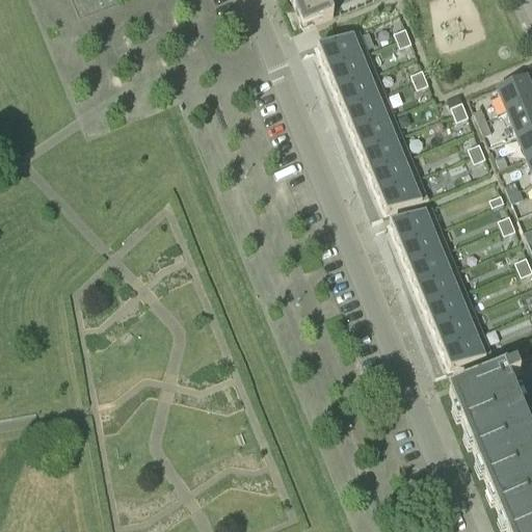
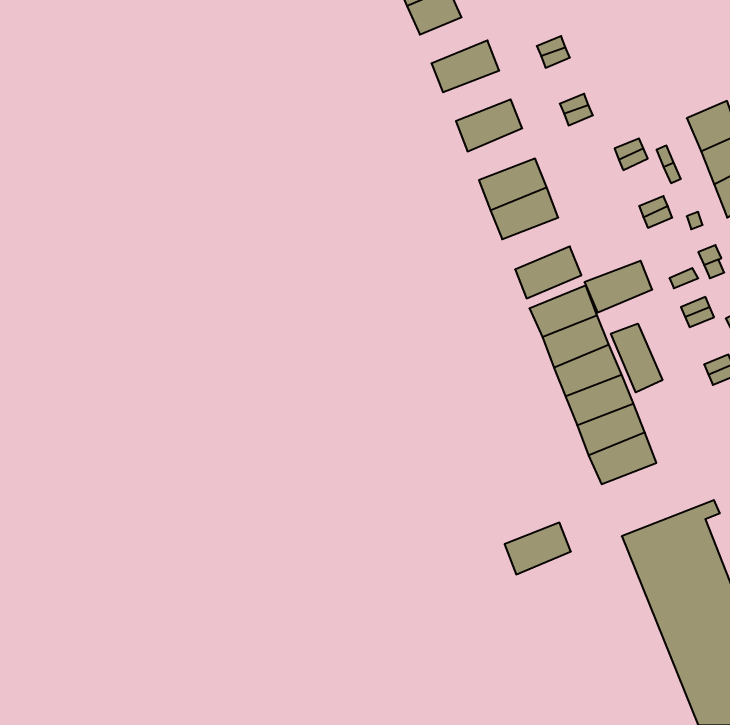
building: [324,51,373,87] -> none
building: [342,92,391,130] -> none
building: [367,157,416,194] -> [584,261,652,313]
building: none -> [611,324,662,392]
building: [438,334,486,371] -> [505,523,571,574]

